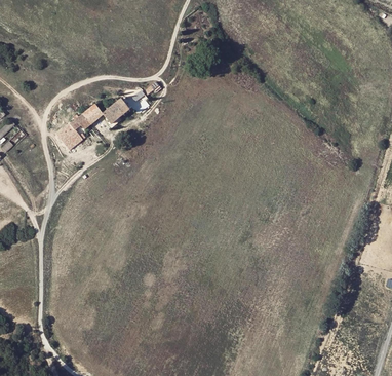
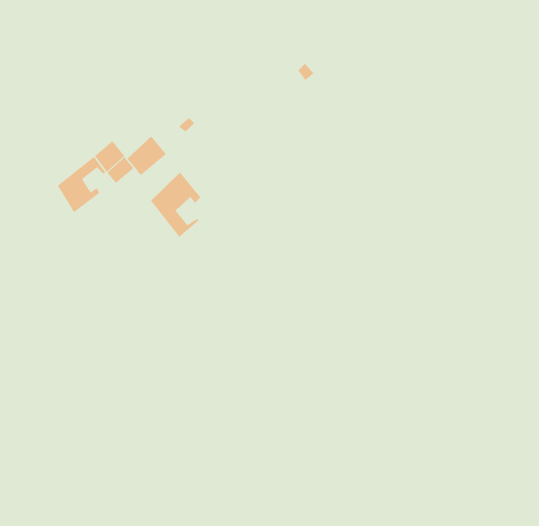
building: none -> [150,172,201,238]

